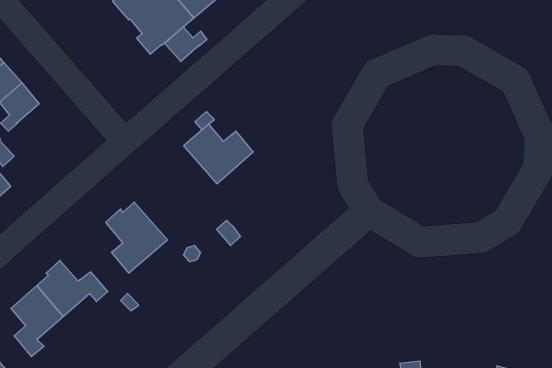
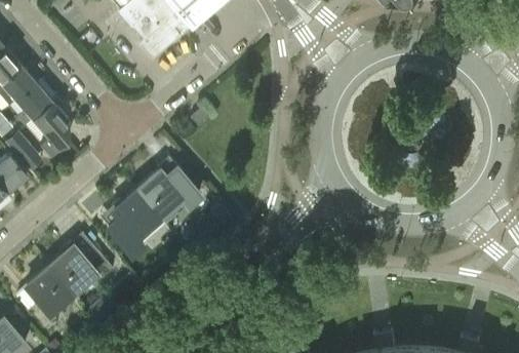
building: [164,27,207,62] -> none
building: none -> [31,100,67,155]
building: [184,124,253,184] -> [136,171,199,225]

